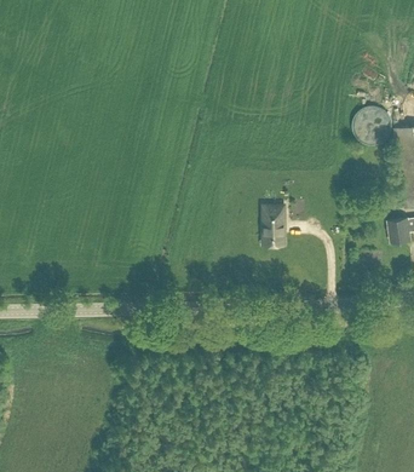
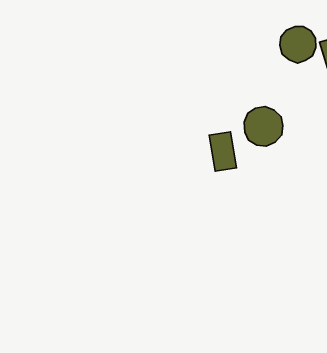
building: none -> [244,106,283,146]

